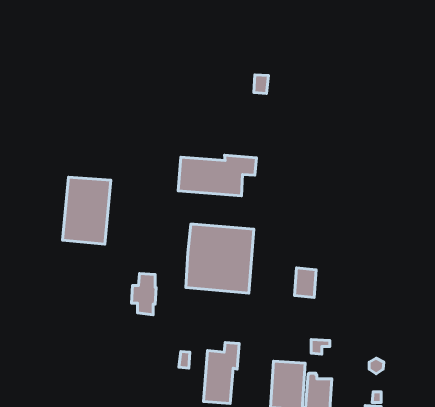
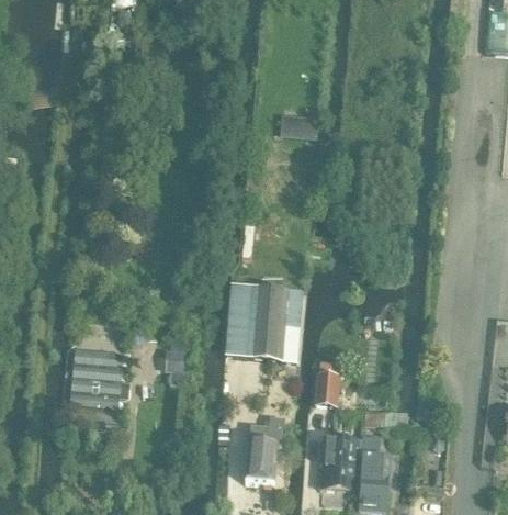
building: [178,155,256,196] -> none
building: [63,177,111,244] -> [68,348,122,423]
building: [294,268,316,297] -> [315,372,339,405]

